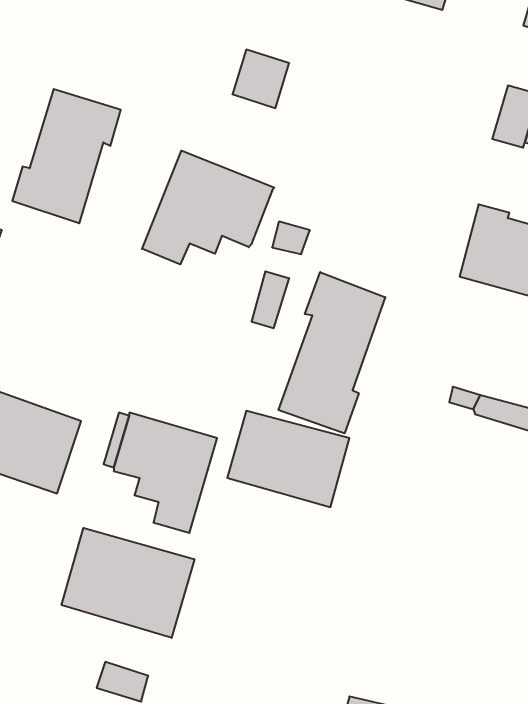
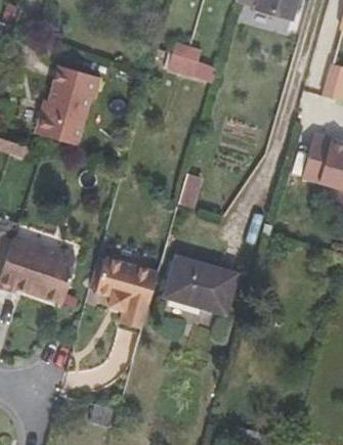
building: [142,151,274,264] -> none
building: [278,272,385,433] -> none
building: [62,528,194,638] -> none

